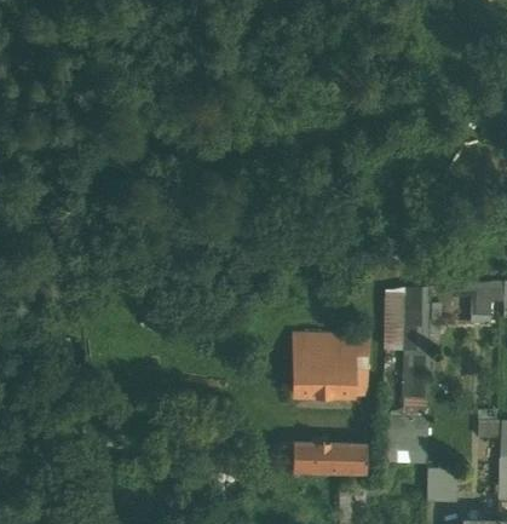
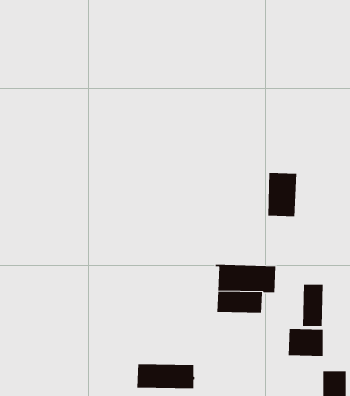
building: [385,293,422,349] -> [267,173,297,217]
building: [293,442,367,473] -> [136,364,195,389]

